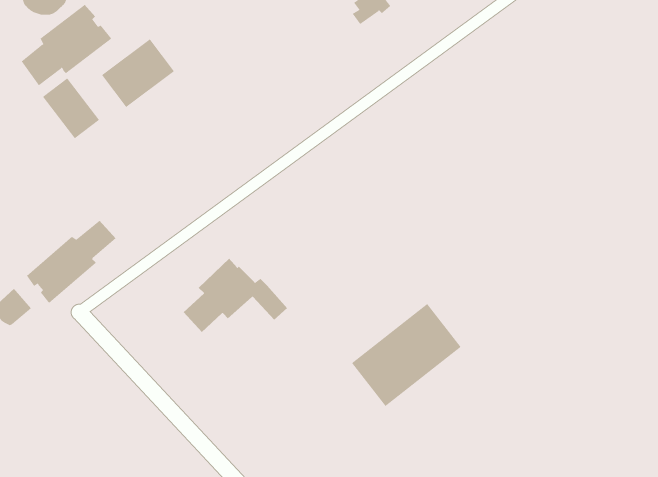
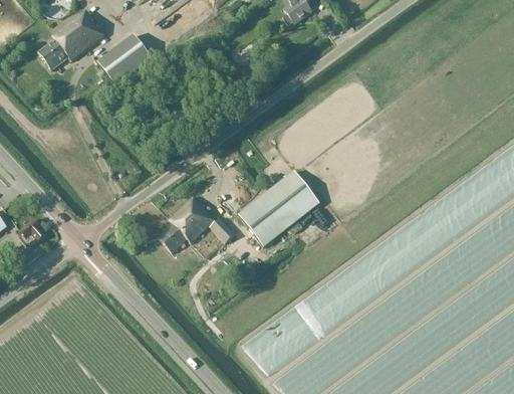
building: [42,78,100,139] -> none
building: [26,220,117,304] -> none
building: [351,303,461,407] -> [238,170,319,246]

